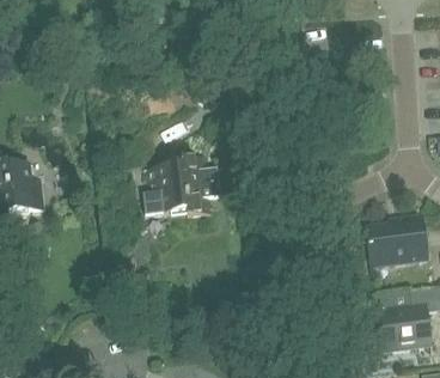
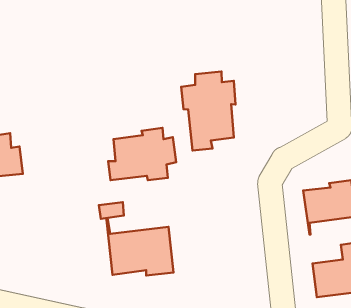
building: none -> [181,72,236,151]
building: none -> [106,220,174,276]

